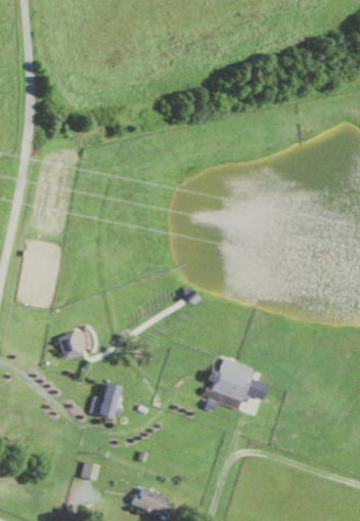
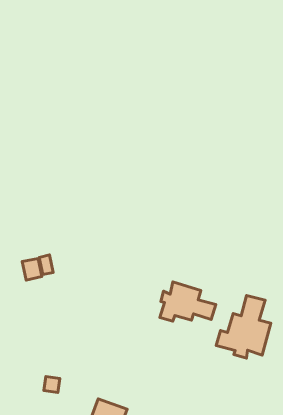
building: none -> [216,295,271,358]
building: [89,381,122,418] -> none

